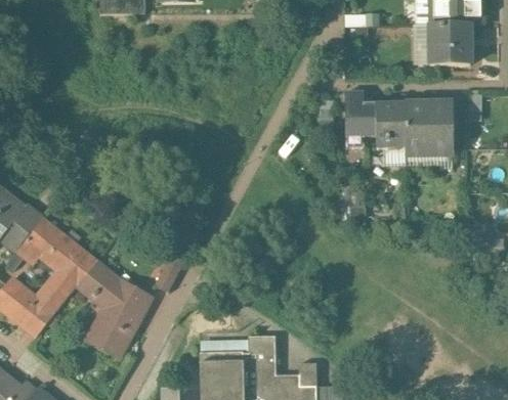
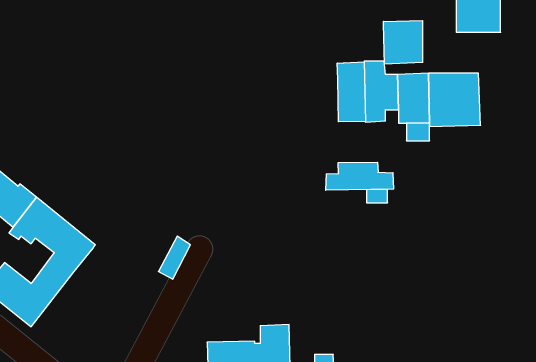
building: none -> [384,21,423,64]
building: none -> [337,62,365,122]
building: none -> [326,162,394,190]
building: [76,264,150,356] -> none

